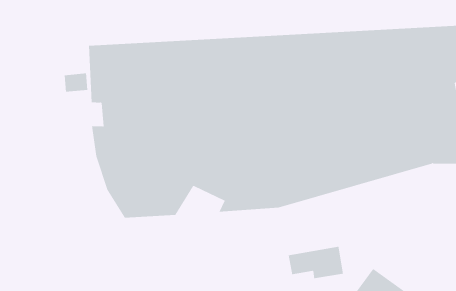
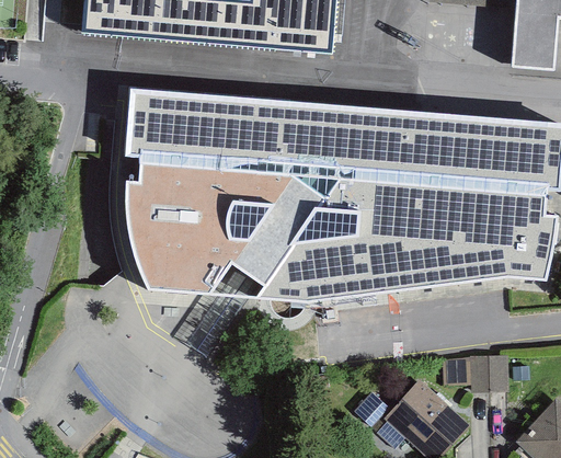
building: [288,246,344,279] -> [448,360,508,393]

